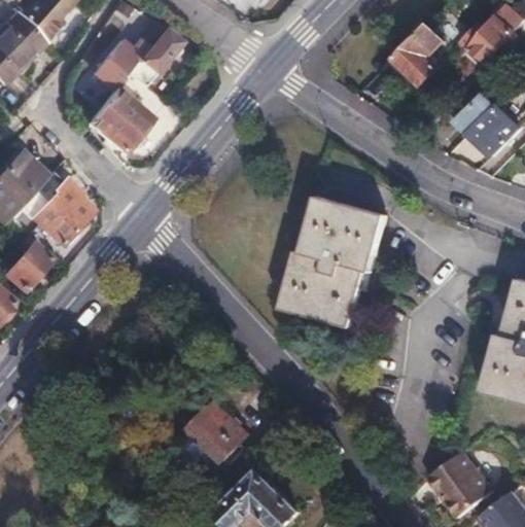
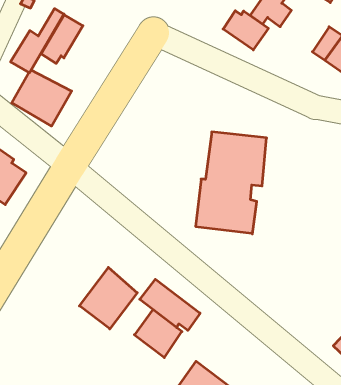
building: none -> [223,11,268,50]
building: none -> [79,267,137,329]
building: none -> [140,279,200,330]

